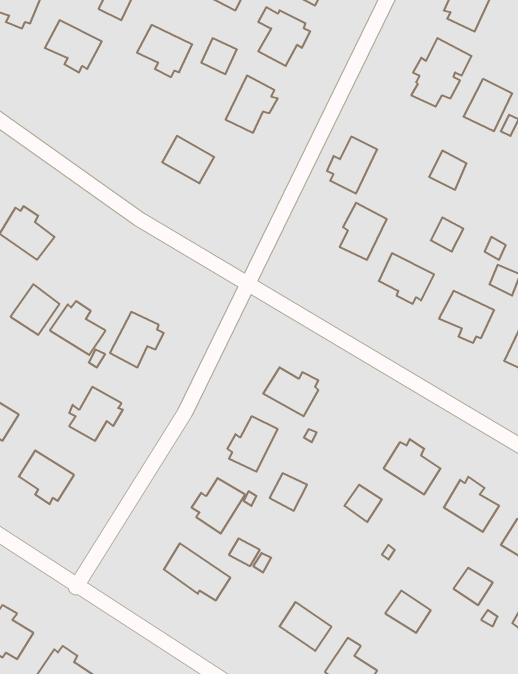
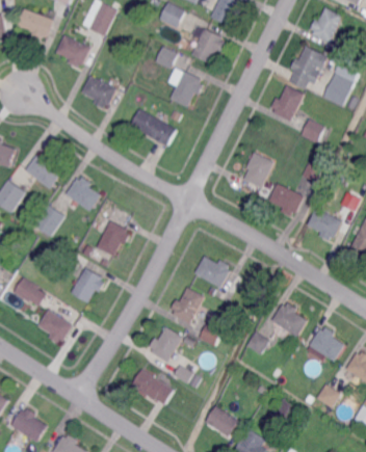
building: [137,25,192,77] -> [81,75,116,108]
building: [327,137,377,194] -> [271,84,304,121]
building: [50,301,105,355] -> [66,177,101,211]

